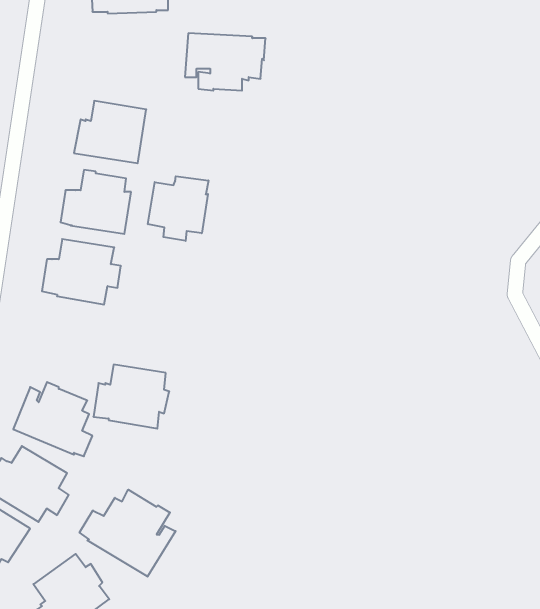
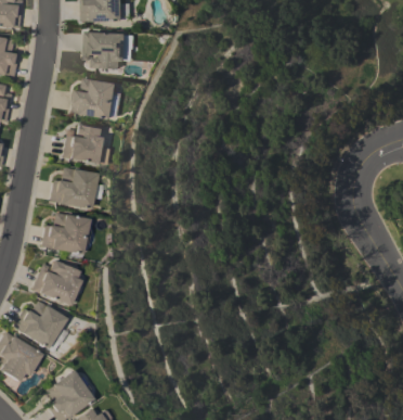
building: [185,33,266,91] -> [84,31,136,68]
building: [148,176,208,241] -> none
building: [93,365,169,429] -> [42,213,91,254]
building: [80,490,176,577] -> none

